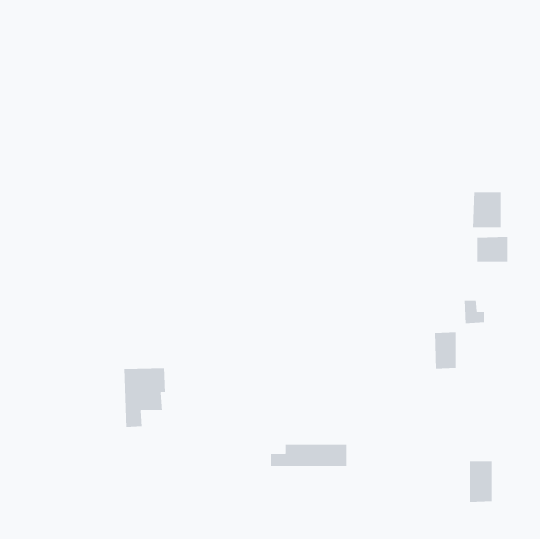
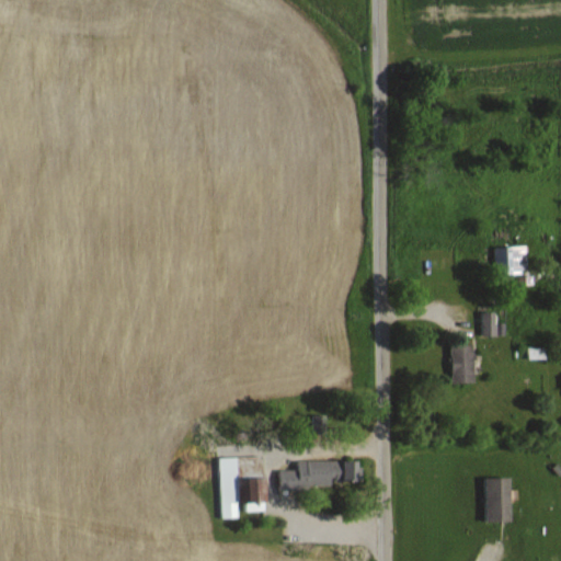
building: [472,191,502,228] -> none
building: [124,368,166,428] -> [219,457,263,519]

